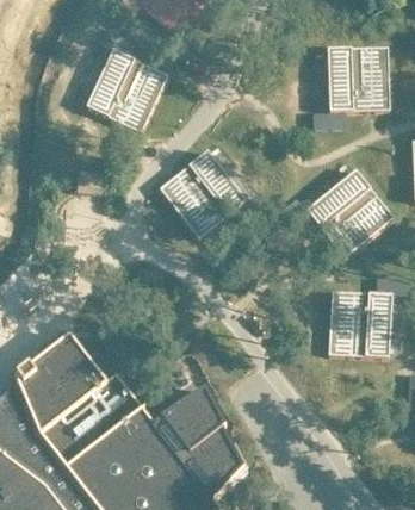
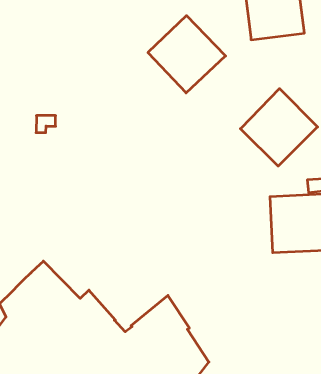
building: [86,49,167,132] -> none
building: [159,150,246,237] -> [148,16,226,93]

